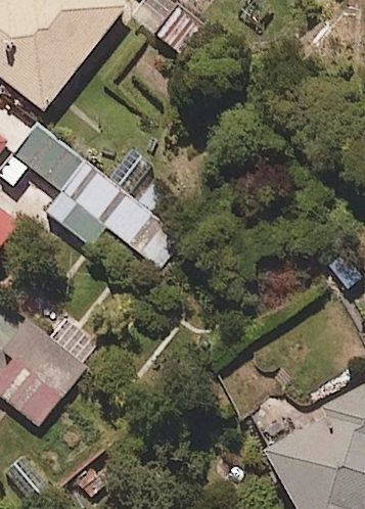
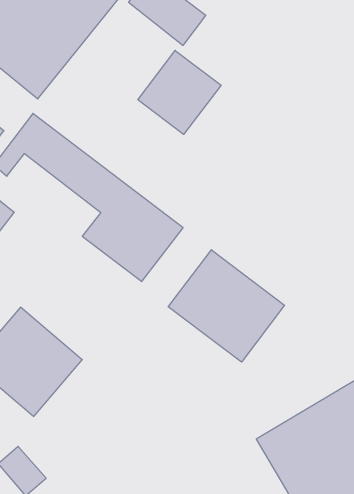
building: none -> [138,50,221,134]
building: none -> [168,250,285,362]

